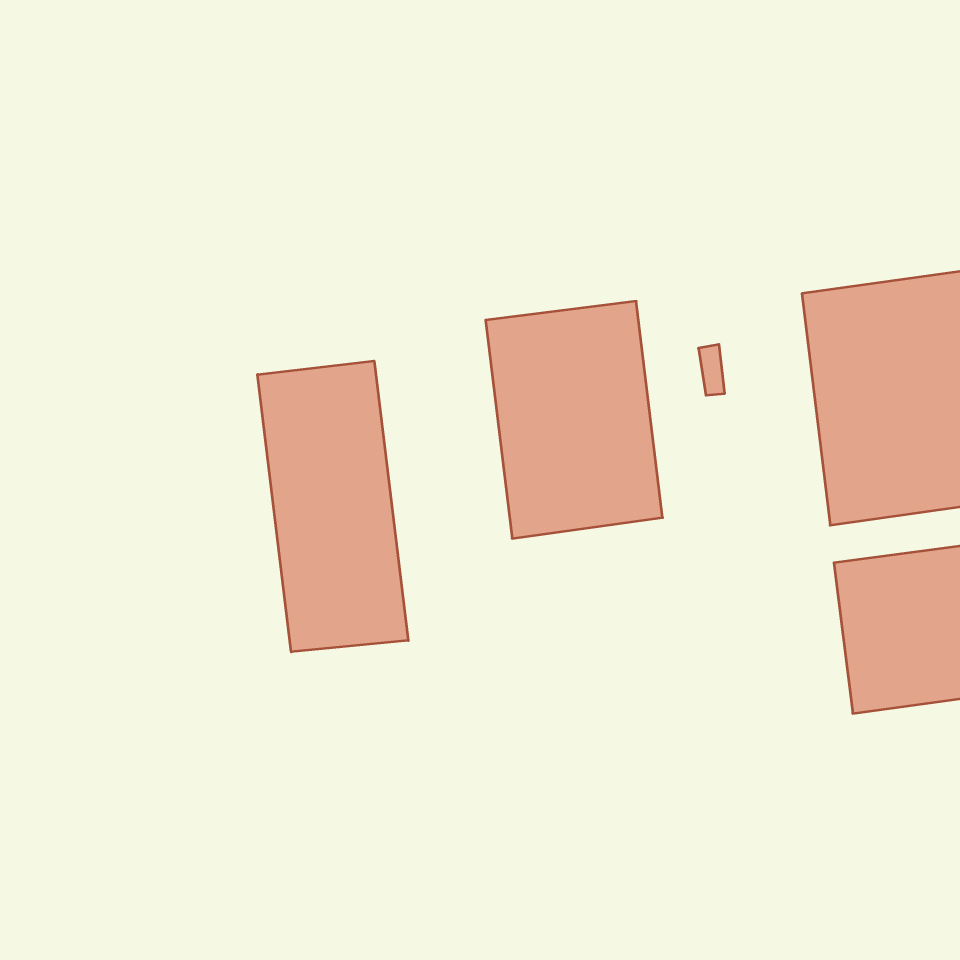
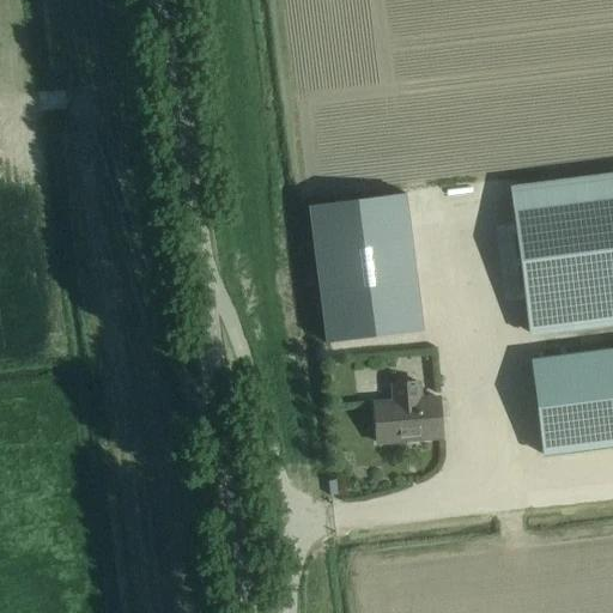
building: [258,361,408,652] -> none
building: none -> [374,381,442,441]

